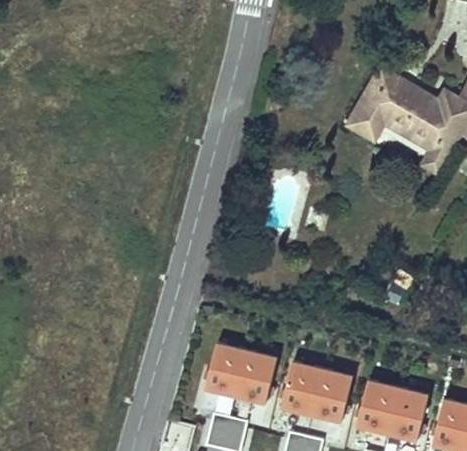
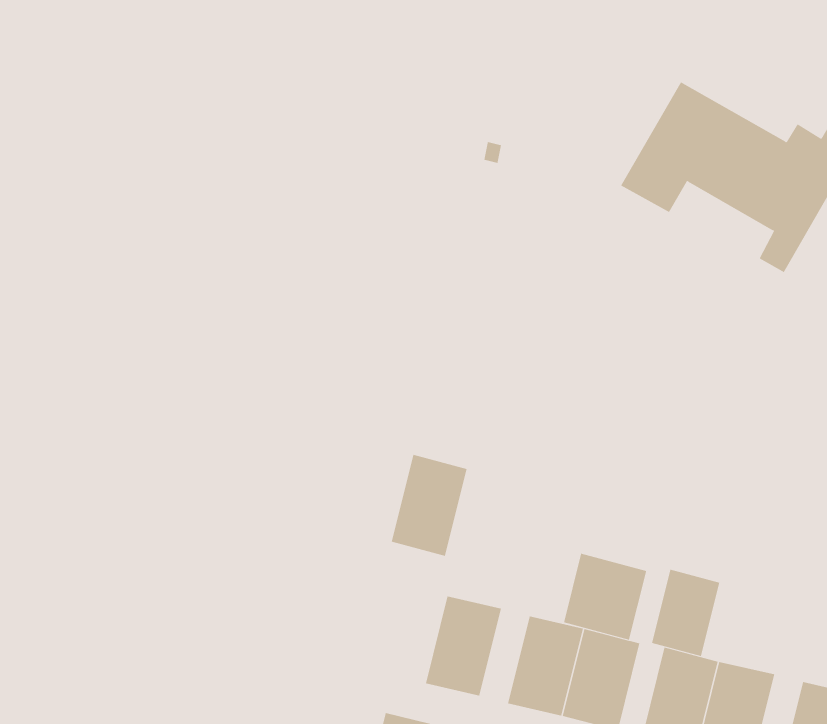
building: none -> [563,553,647,640]
building: none -> [652,569,720,657]
building: [206,343,248,399] -> [391,454,467,556]

